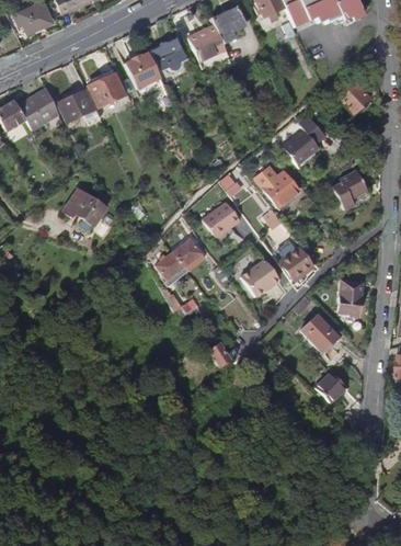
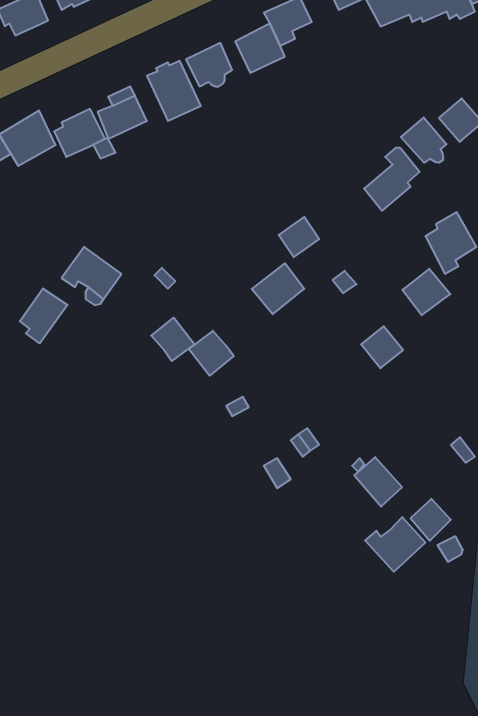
building: none -> [401,117,447,163]
building: [263,171,298,205] -> [402,269,450,315]
building: none -> [20,288,68,343]
building: [173,237,205,269] -> [151,318,194,361]
building: [242,261,283,298] -> none
building: [339,281,362,314] -> none
building: [306,314,341,350] -> [354,457,402,507]
building: none -> [365,517,425,572]

